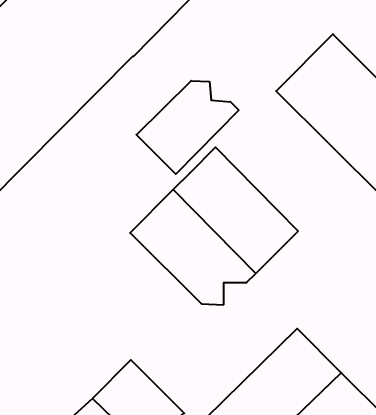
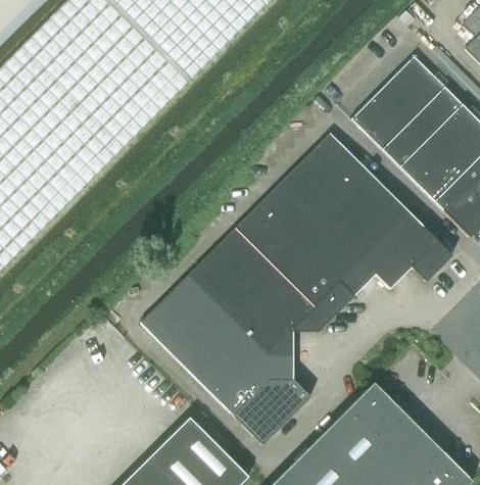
building: [136,81,239,174] -> none
building: none -> [283,133,452,288]
building: none -> [141,276,310,444]

